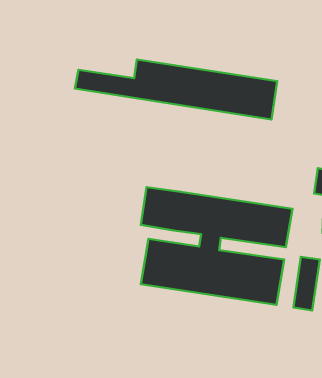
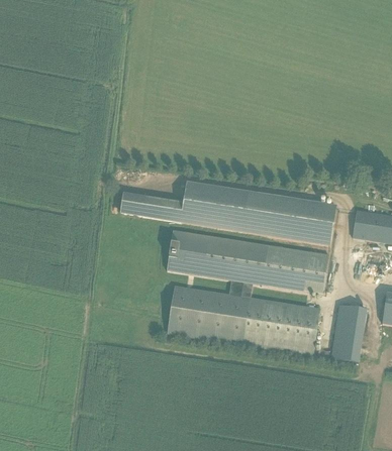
building: [75,59,277,120] -> [119,180,336,244]

